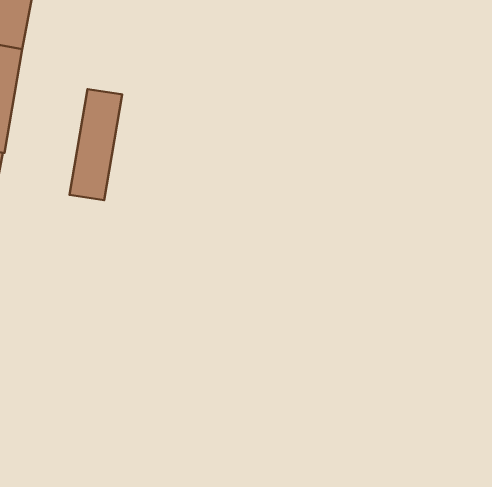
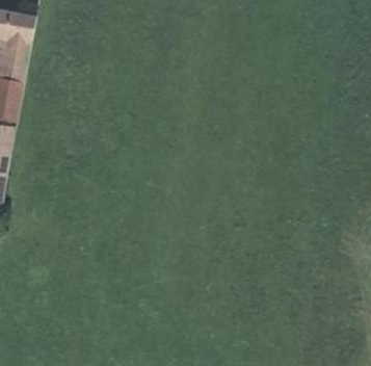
building: [70,89,122,200] -> none

